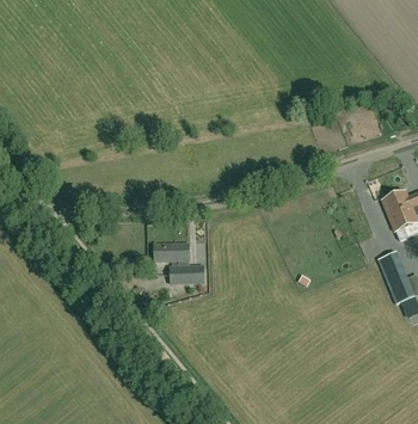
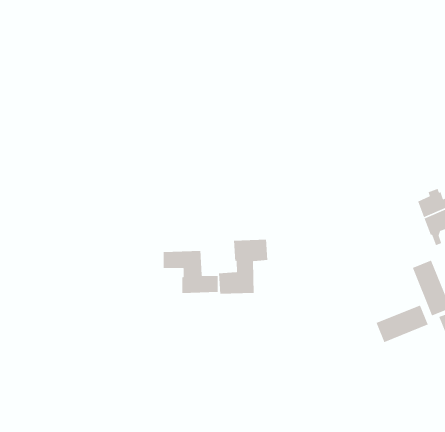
building: none -> [218,239,268,295]
building: none -> [375,304,429,343]

